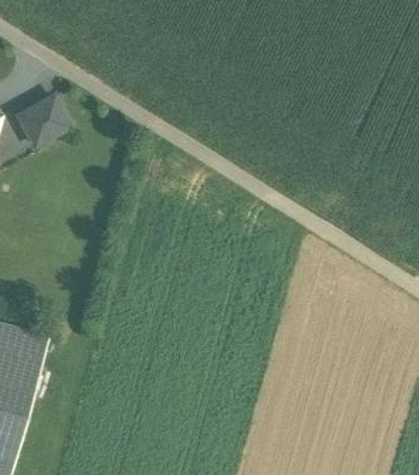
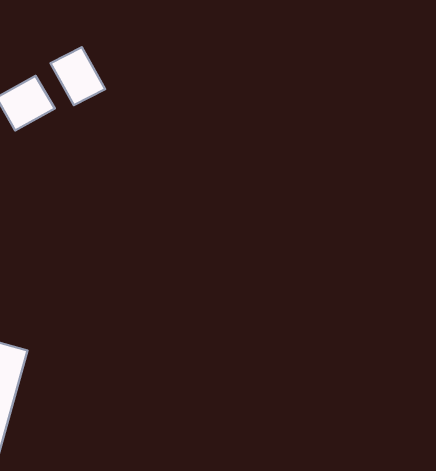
building: none -> [51,47,105,105]

